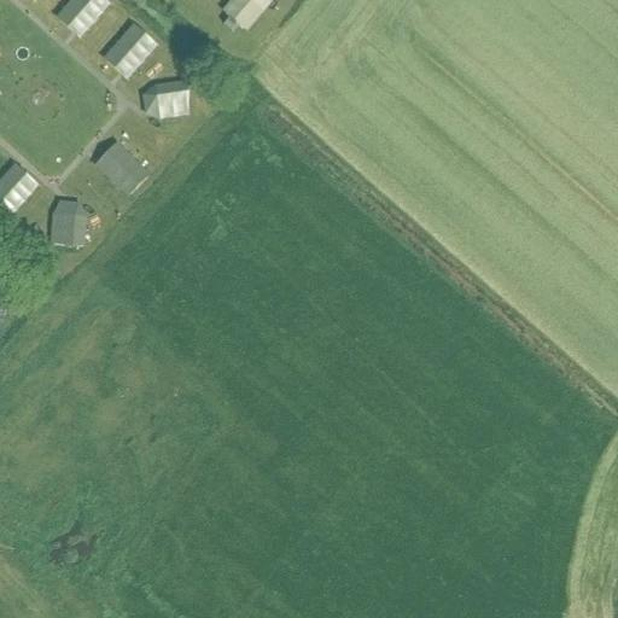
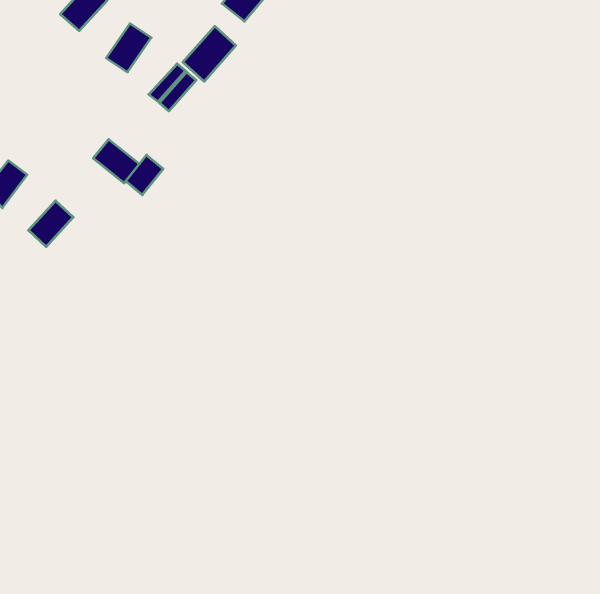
building: none -> [183,26,236,81]
building: none -> [126,155,163,195]

